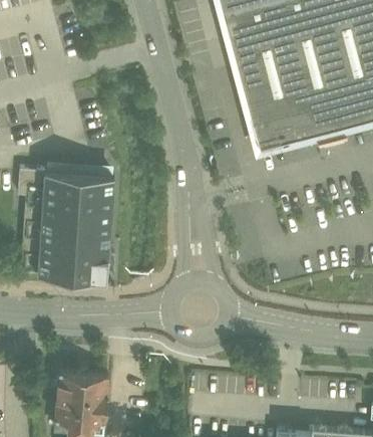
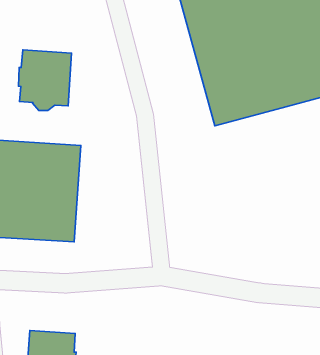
building: none -> [19,50,72,111]

